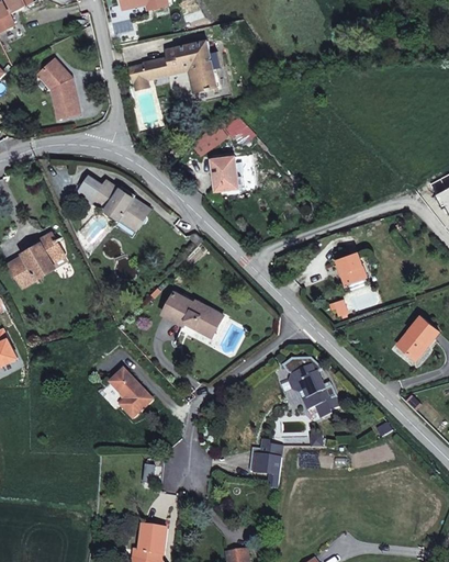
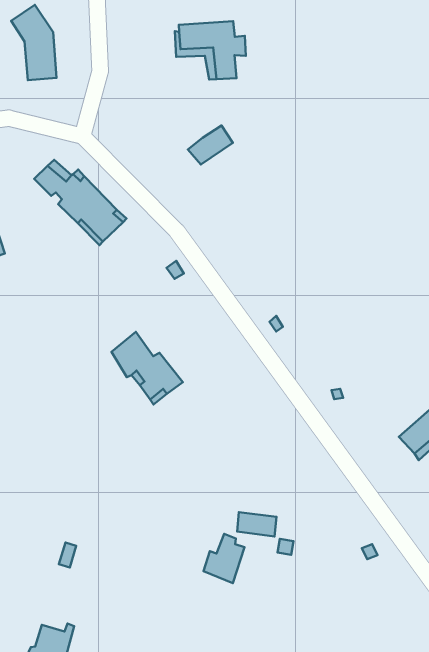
building: [138,57,170,83] -> none
building: [213,157,238,191] -> none
building: [334,252,364,285] -> none
building: [287,360,337,419] -> none
building: [108,368,150,418] -> none

